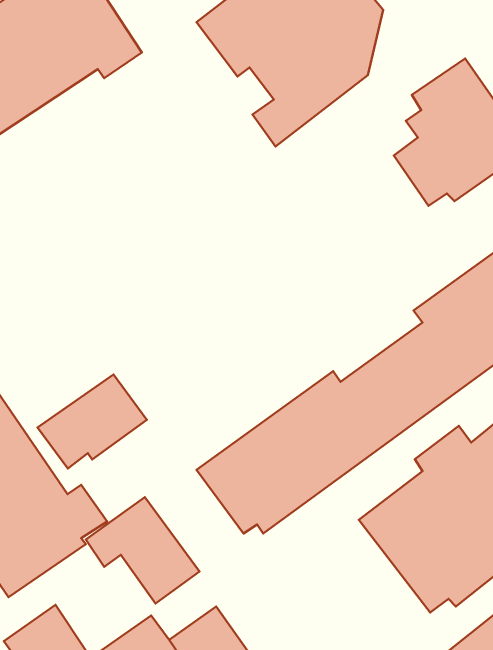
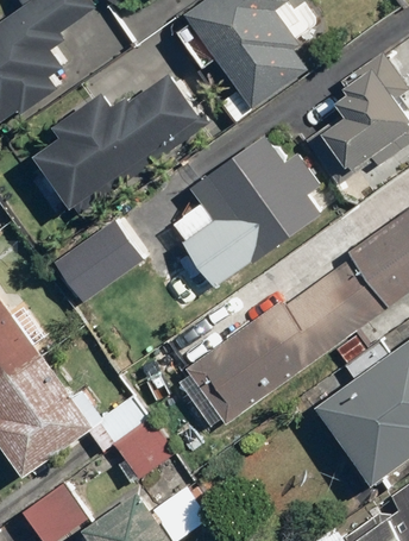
building: none -> [26,70,209,224]
building: none -> [168,134,321,288]
building: [38,374,147,468] -> [55,222,140,296]

